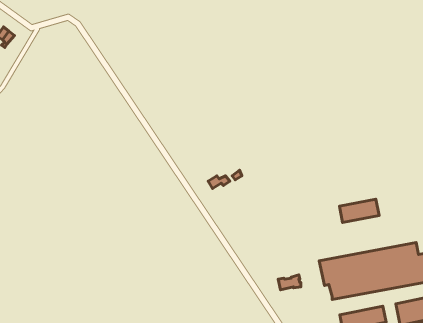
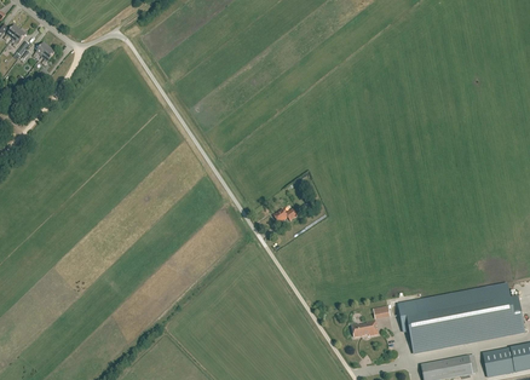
building: [339,199,379,222] -> none

